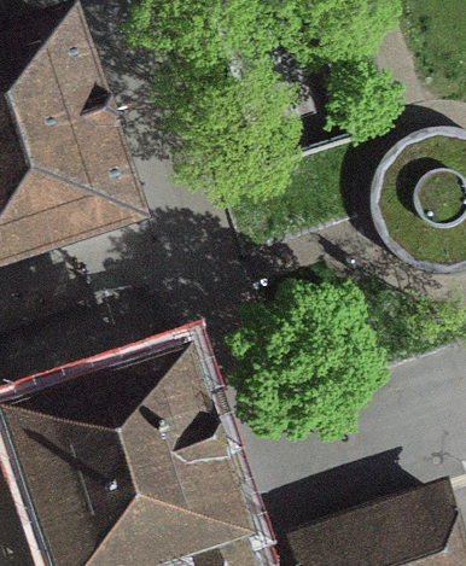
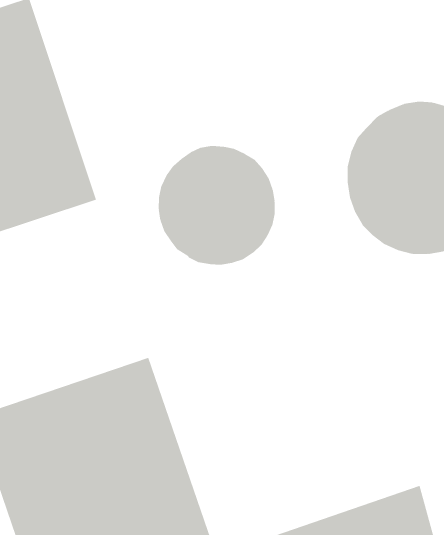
building: none -> [158,145,275,266]

